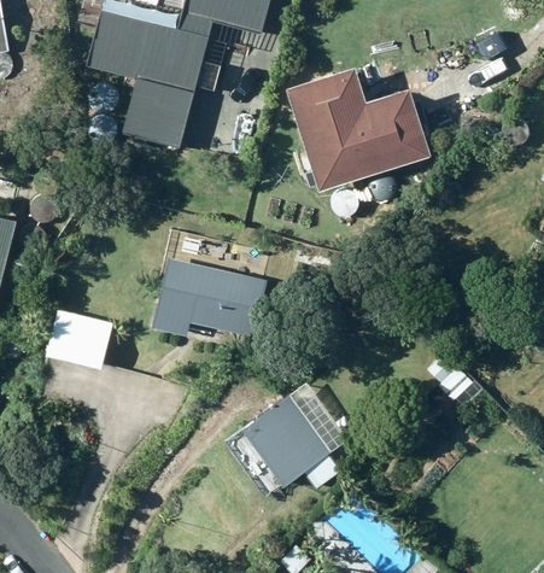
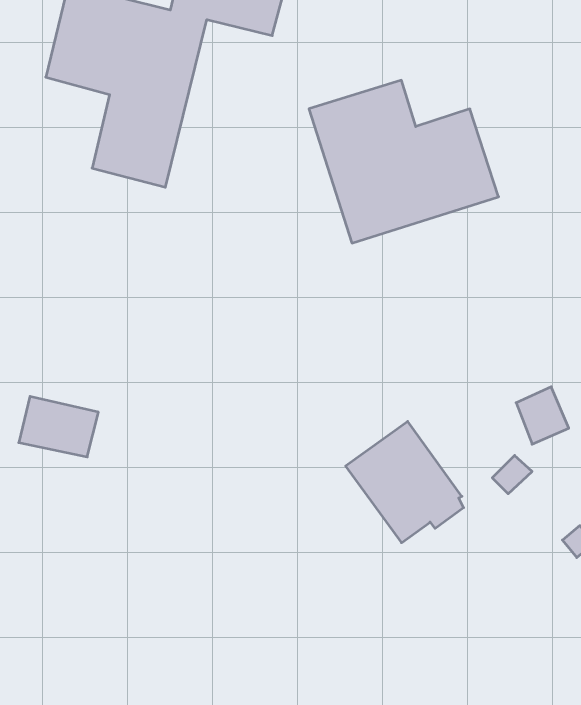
building: [153,259,264,337] -> none
building: [241,396,331,487] -> [346,421,464,543]

